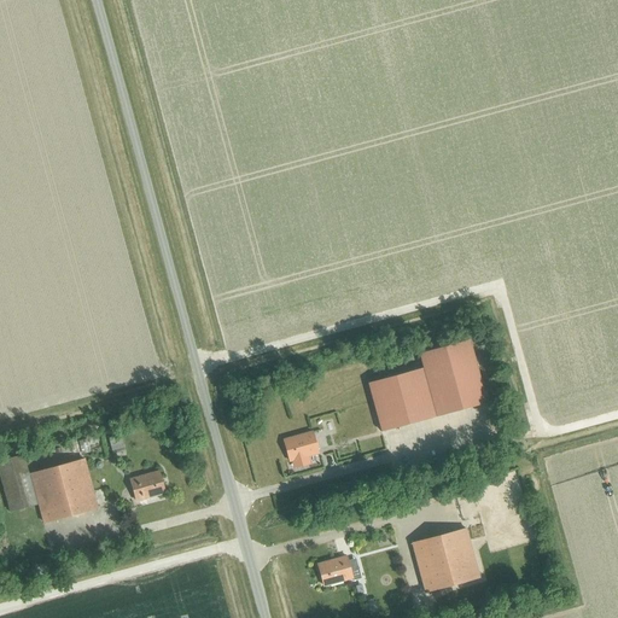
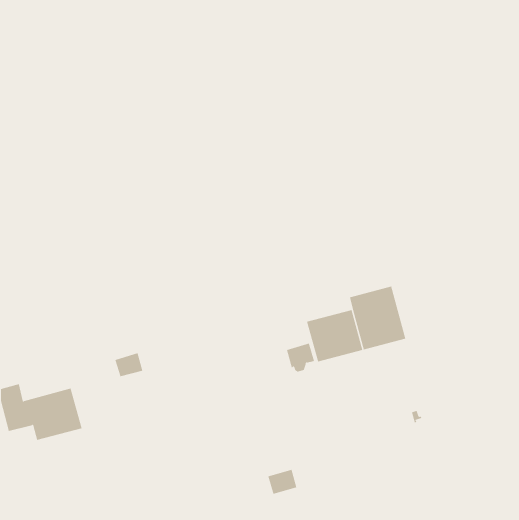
building: [285,432,319,467] -> [286,343,315,372]
building: [132,472,165,501] -> [115,353,143,377]
building: [413,529,480,593] -> none

